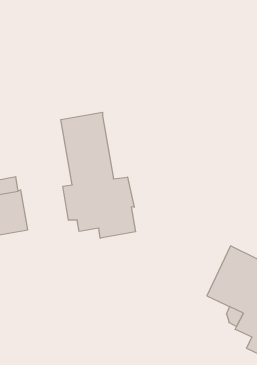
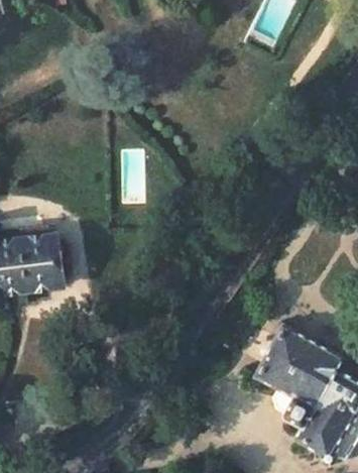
building: [61,112,135,238] -> none

